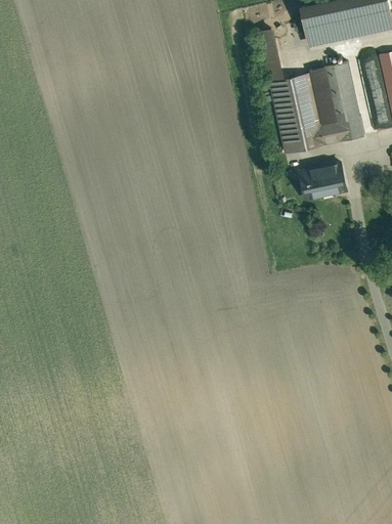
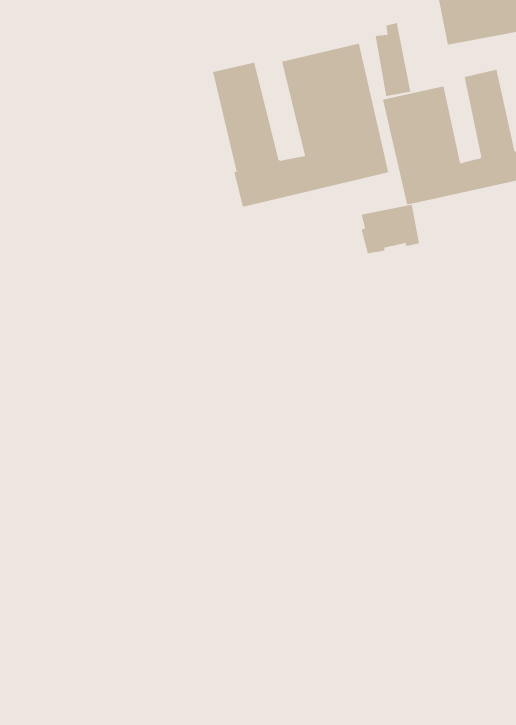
building: none -> [213,43,389,207]
building: [304,163,344,196] -> [361,204,420,254]

